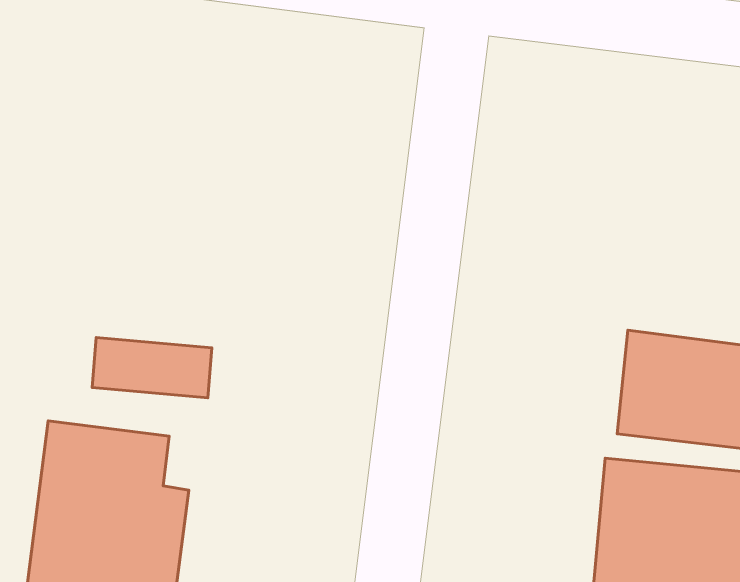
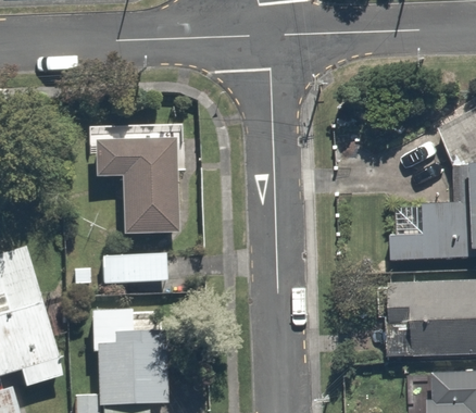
building: none -> [89,137,175,234]

